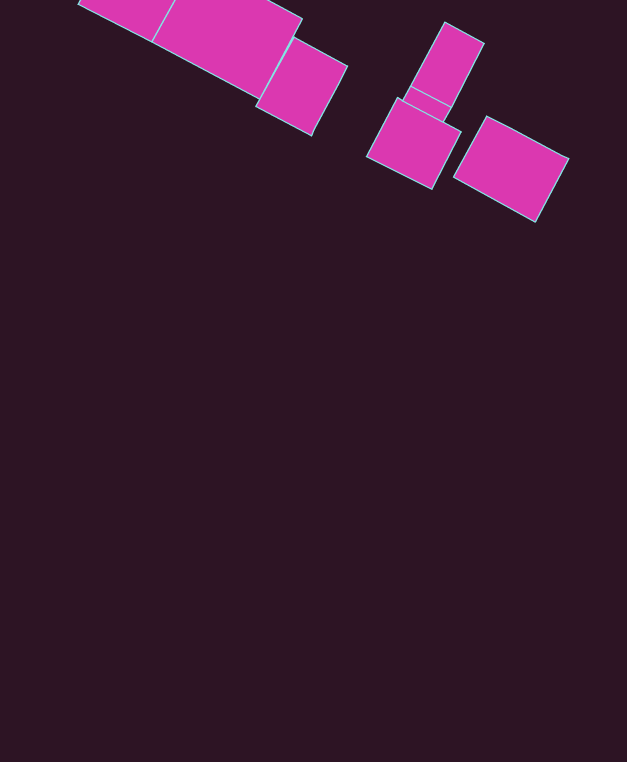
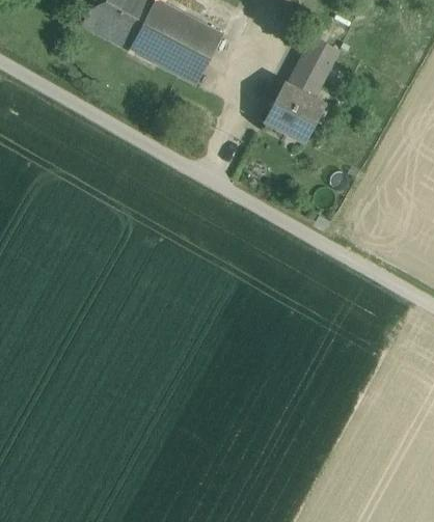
building: [256,37,348,136] -> none
building: [454,116,569,222] -> none

